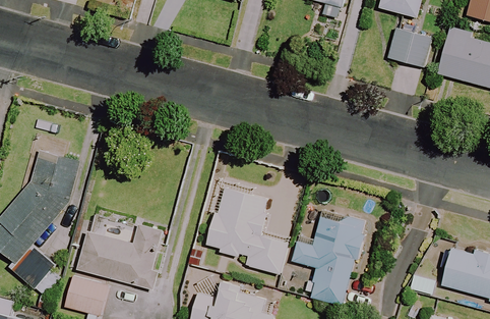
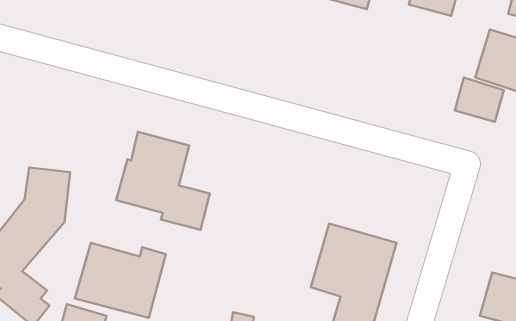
building: [387,28,431,67] -> [455,78,504,122]
building: [205,187,289,274] -> [116,132,210,230]

